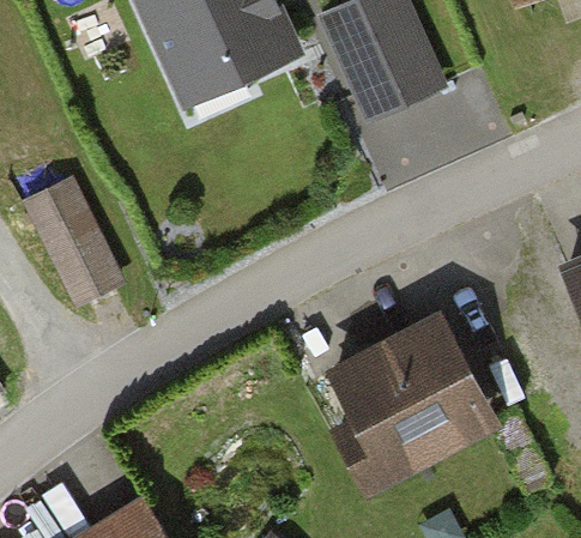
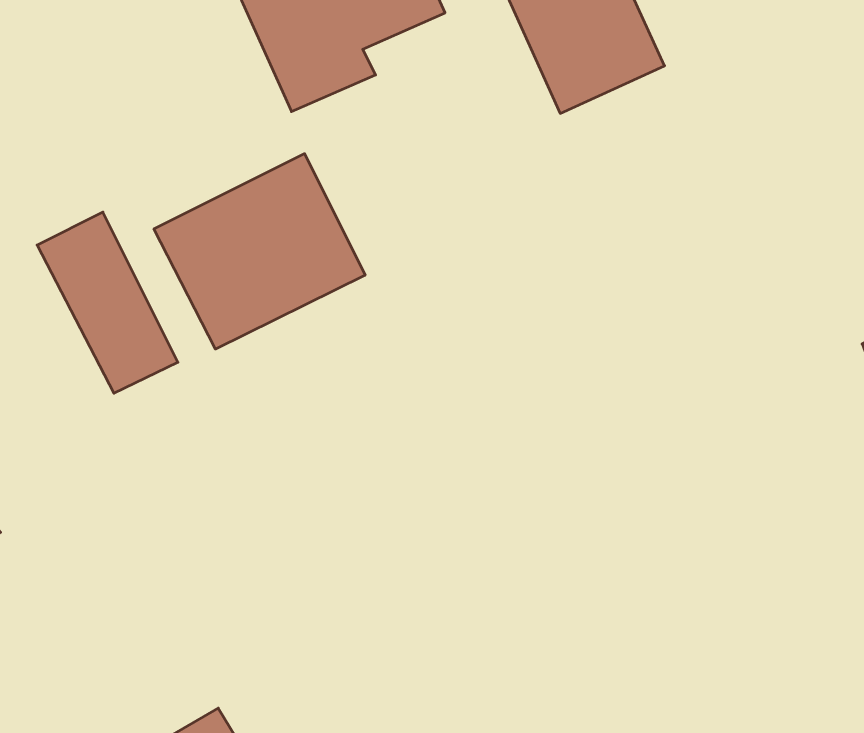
building: none -> [154,154,365,349]
building: [337,319,478,451] -> none

